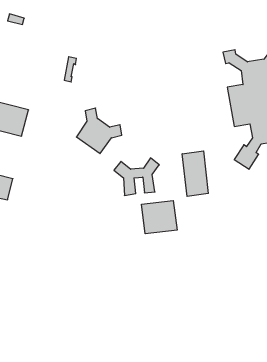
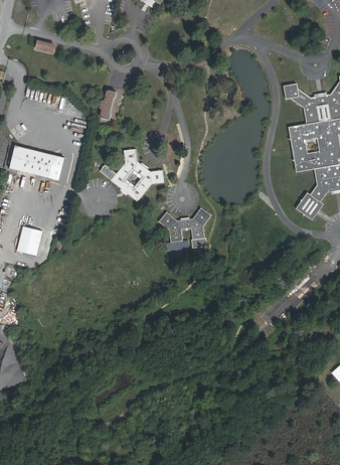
building: [182,151,208,196] -> none
building: [142,201,177,234] -> none

